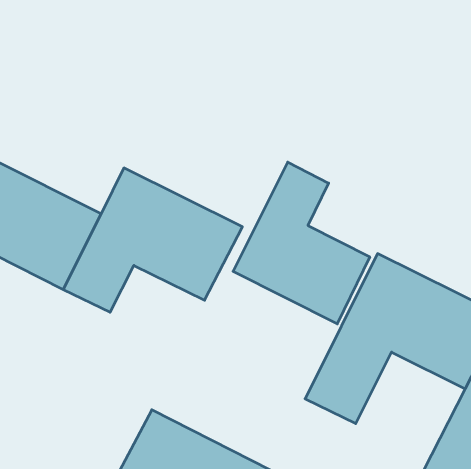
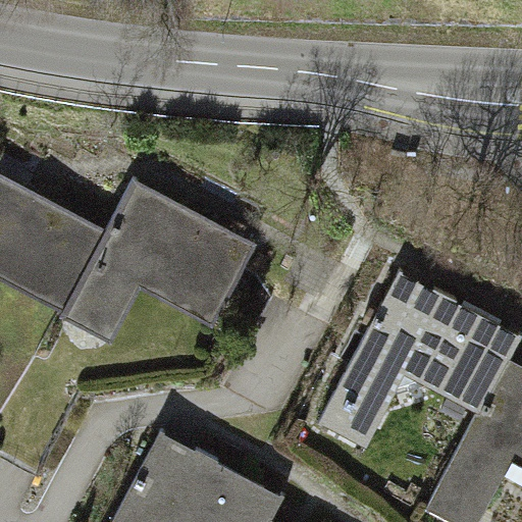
building: [233,162,370,324] -> none

